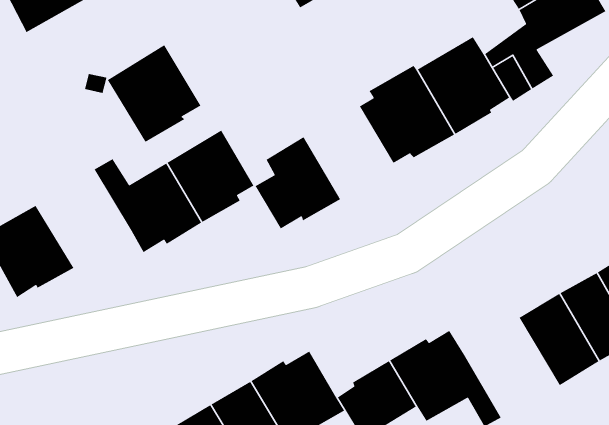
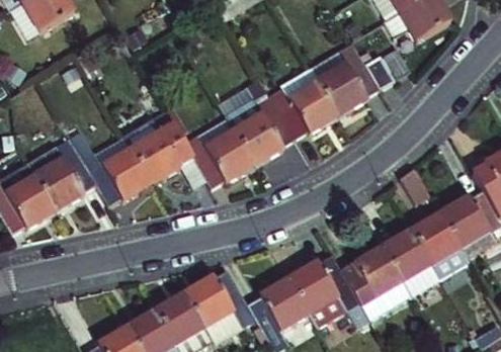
building: [107,44,202,143] -> [30,137,100,209]
building: none -> [227,90,294,159]
building: none -> [346,246,416,320]

